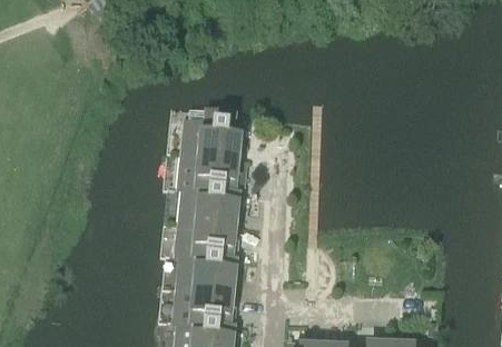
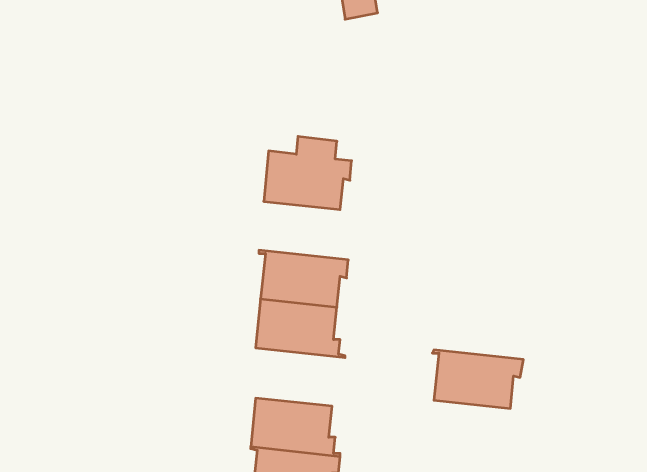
building: [184,147,245,187] -> none
building: [180,247,243,287] -> [432,350,523,408]

